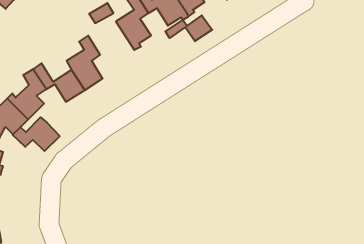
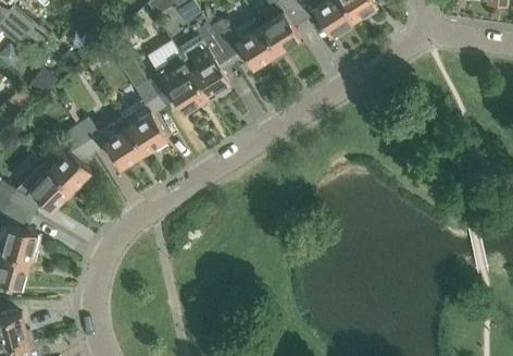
building: [165,15,212,41] -> none
building: none -> [148,64,208,113]
building: [13,117,60,151] -> none

